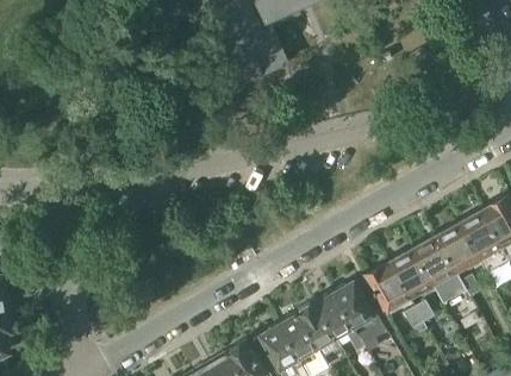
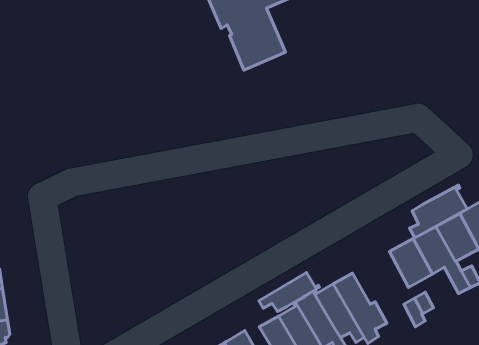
building: none -> [409,185,467,238]
building: [366,261,410,309] -> none
building: none -> [259,273,319,311]

